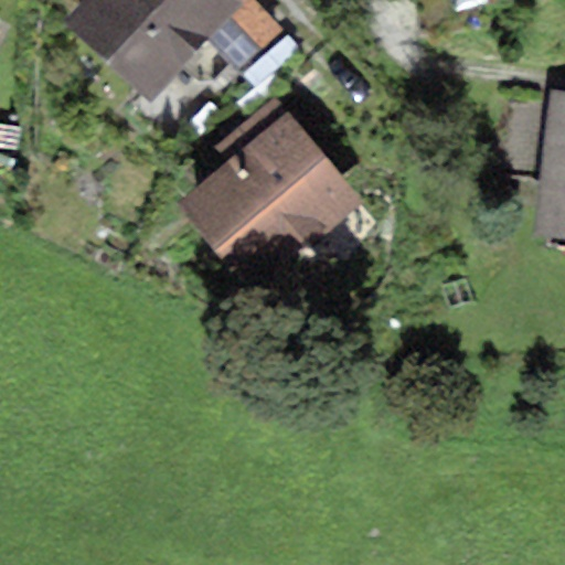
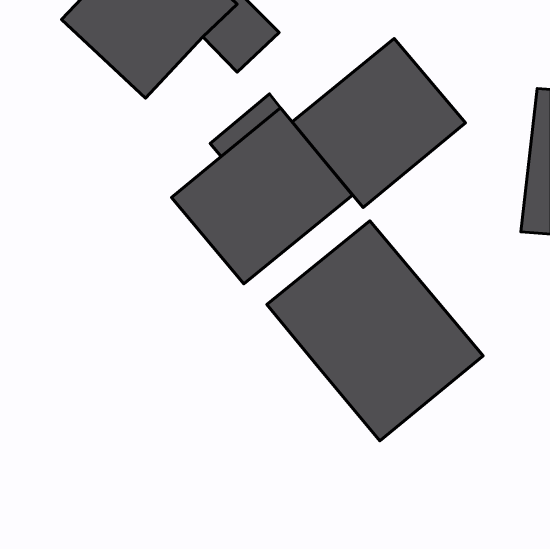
building: none -> [292,38,466,207]
building: none -> [267,221,483,441]

